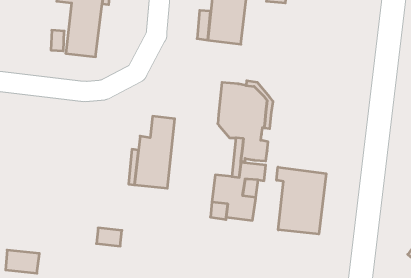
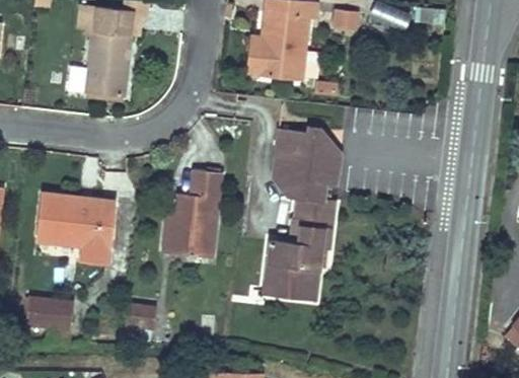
building: none -> [39,196,114,262]
building: [277,167,326,234] -> none
building: [6,250,39,273] -> [29,299,71,327]

